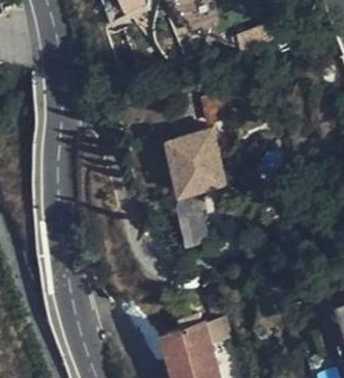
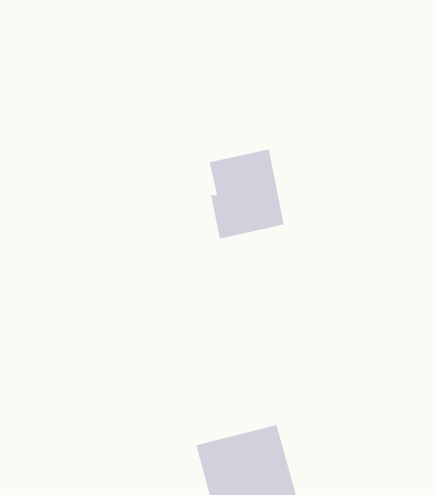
building: [177,213,212,237] -> none

